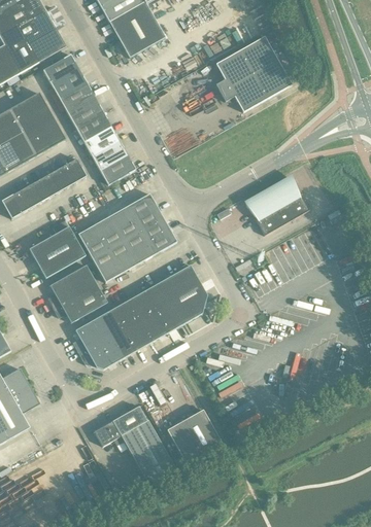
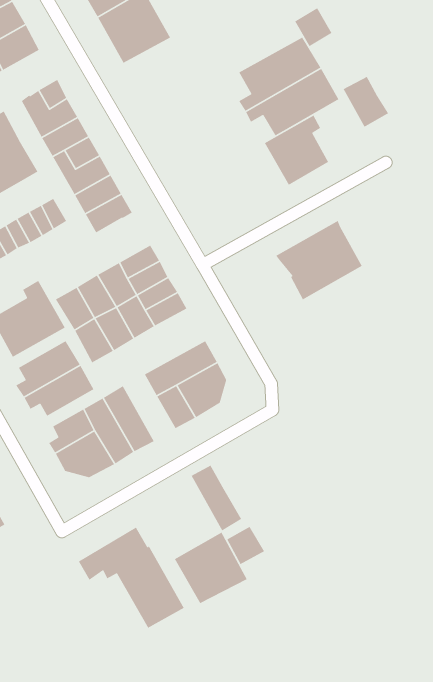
building: none -> [294,7,332,47]
building: [43,54,79,84] -> none
building: none -> [343,76,389,128]
building: none -> [264,115,329,186]
building: [129,290,168,341] -> [190,465,242,532]
building: none -> [226,526,265,565]

